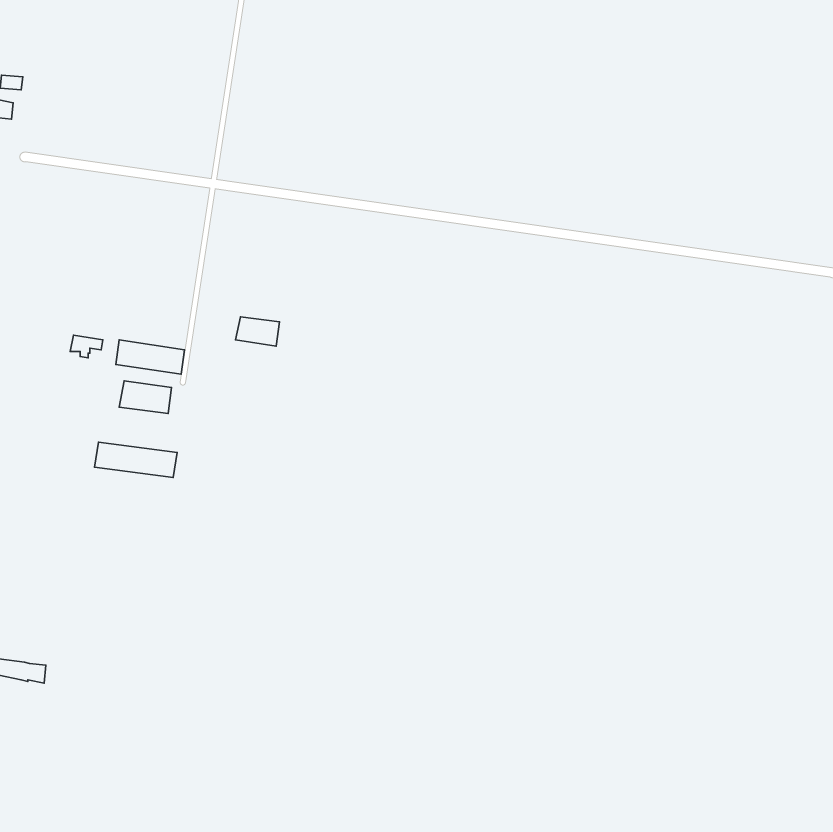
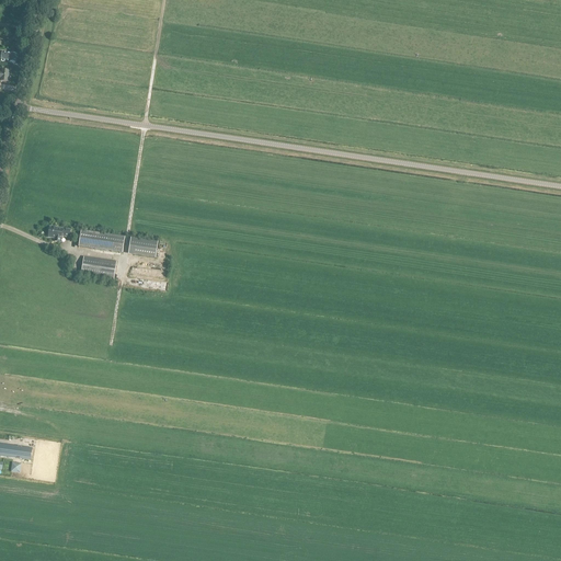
building: [235,317,280,346] -> [127,237,157,256]
building: [95,442,177,478] -> none

